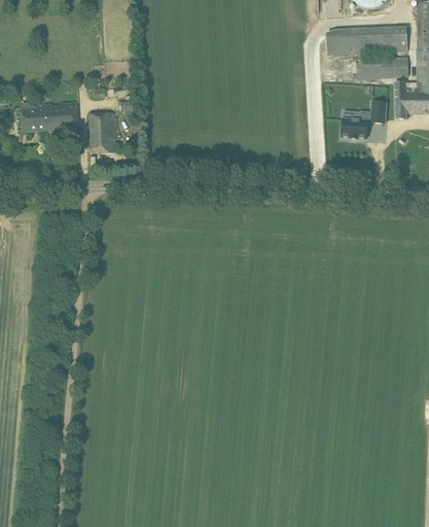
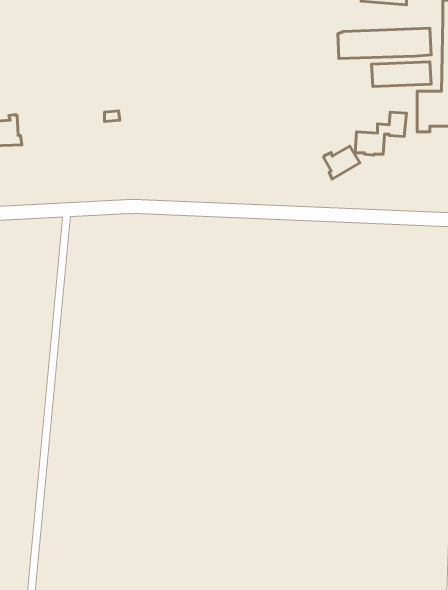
building: [43,101,77,129] -> none
building: [88,111,116,151] -> none
building: none -> [324,146,360,179]

